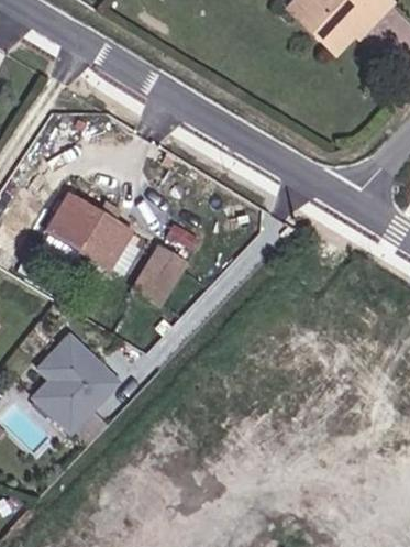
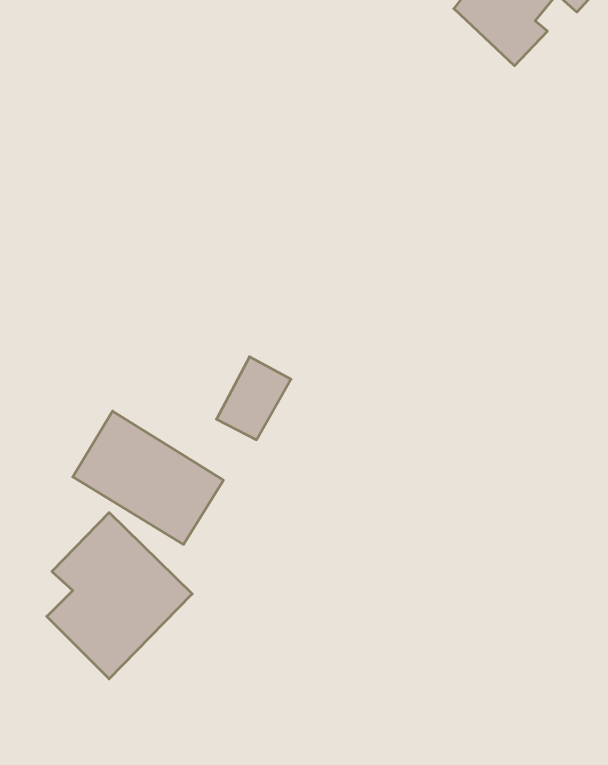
building: [37,177,133,262] -> [73,411,223,544]

